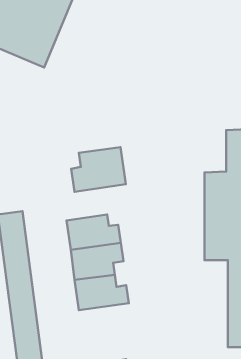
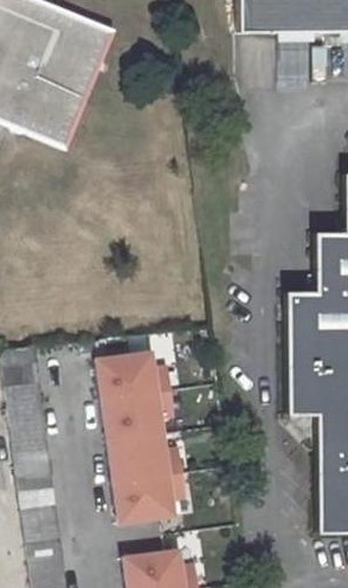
building: [71,147,126,192] -> none
building: none -> [112,473,185,524]

